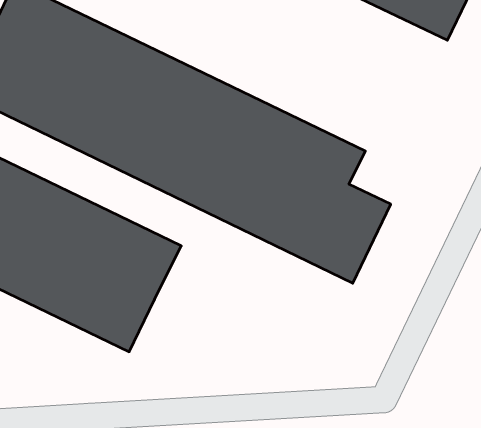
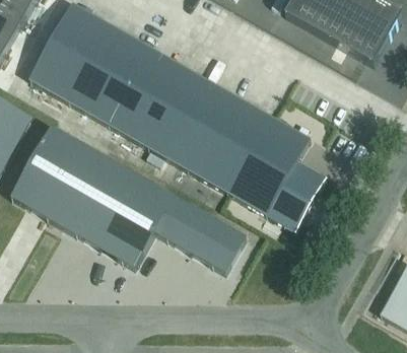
building: none -> [155,196,247,273]

